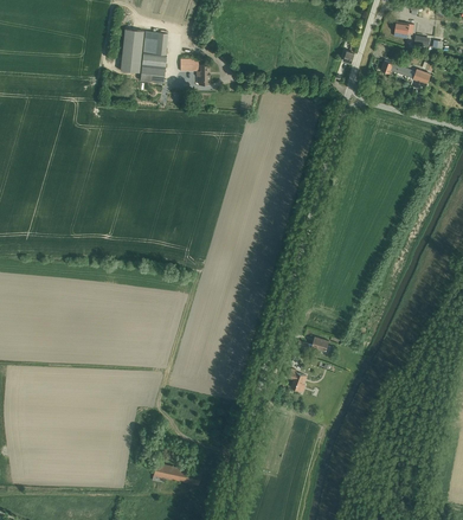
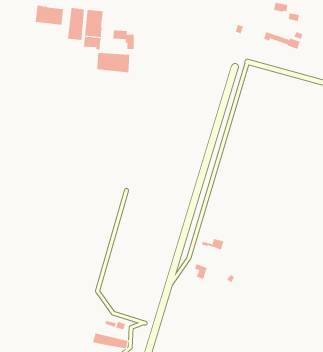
building: none -> [35,5,64,26]
building: none -> [97,52,130,73]

